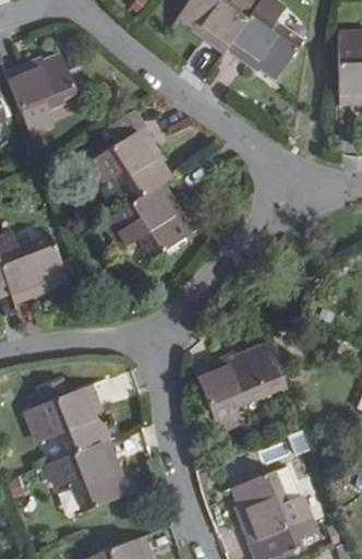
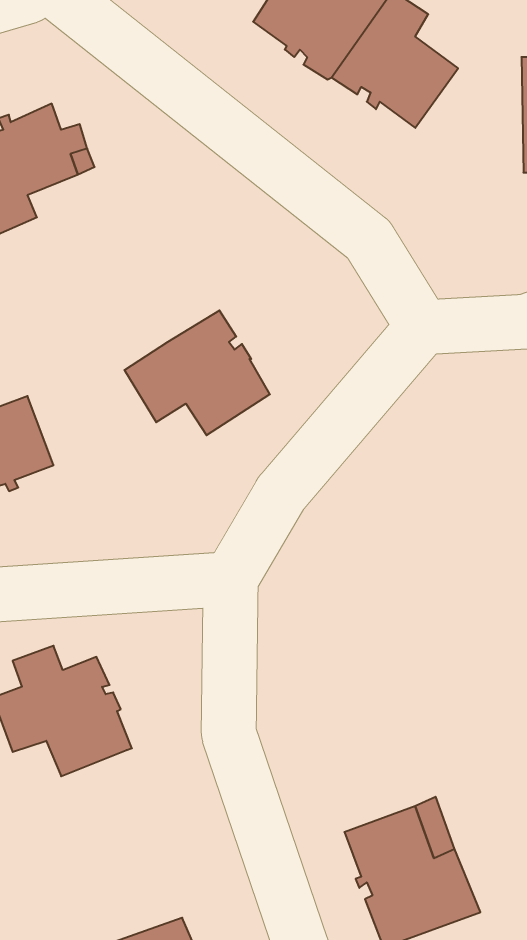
building: [87,126,167,201] -> none
building: [200,343,288,426] -> none
building: [49,440,124,510] -> none

